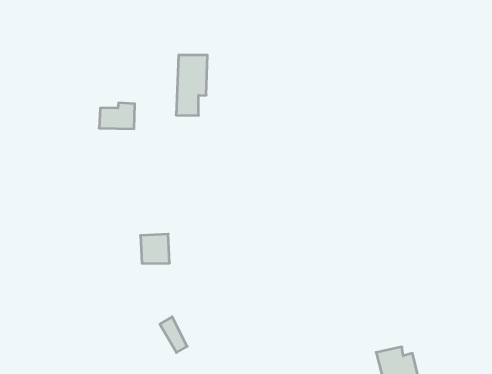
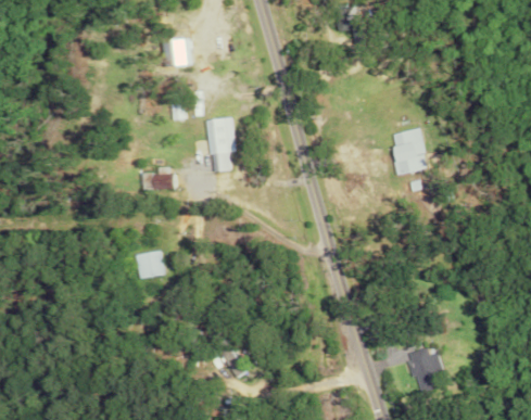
building: none -> [395,129,428,174]
building: [140,234,170,263] -> [139,251,167,279]

